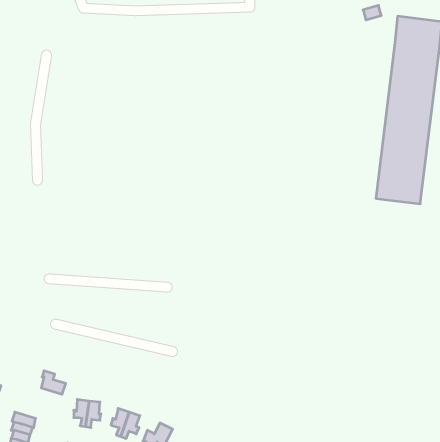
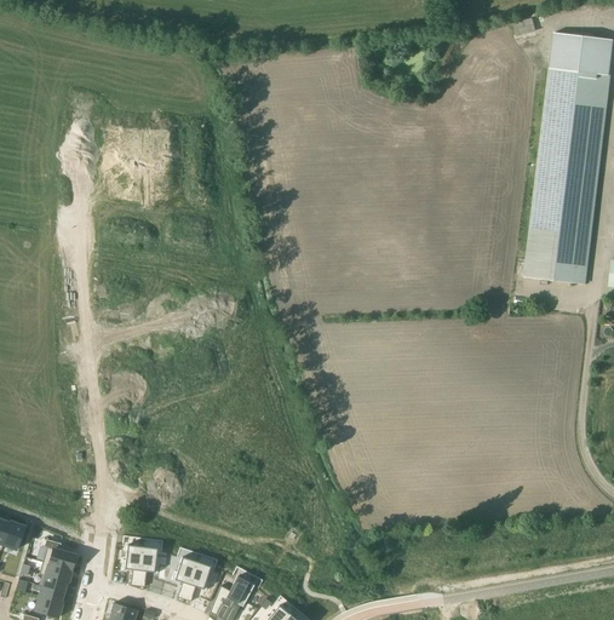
building: [41,371,66,394] -> [42,538,75,569]

